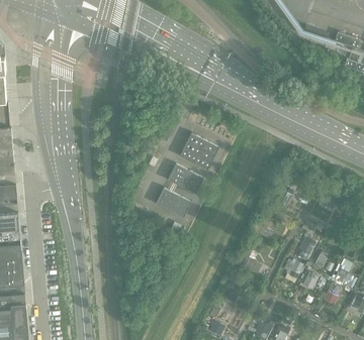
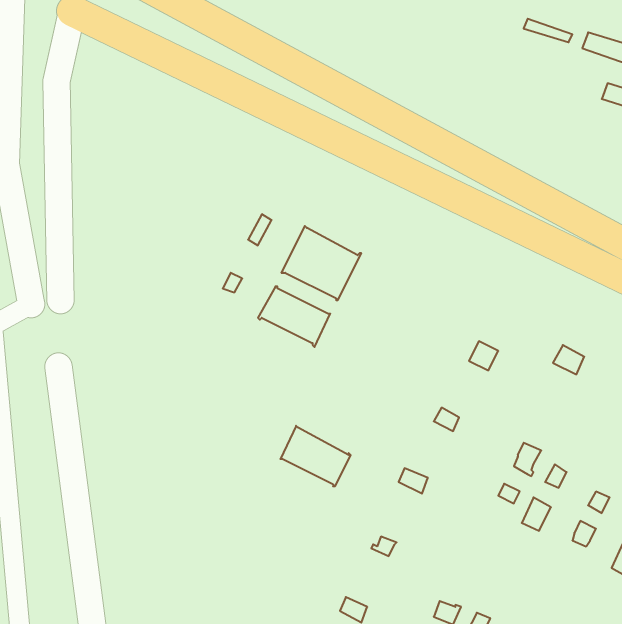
building: [154,187,190,218] -> [280,426,351,486]

